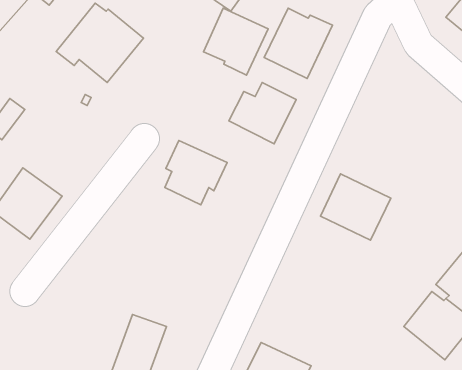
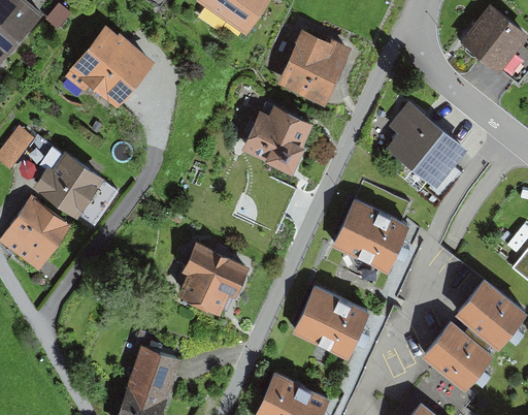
building: [204,8,268,75] -> none
building: none -> [384,107,465,186]
building: none -> [34,148,117,225]
building: [165,140,227,205] -> [183,246,246,312]
building: none -> [295,289,367,356]

